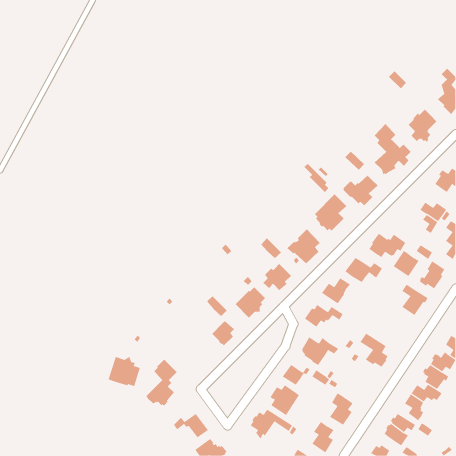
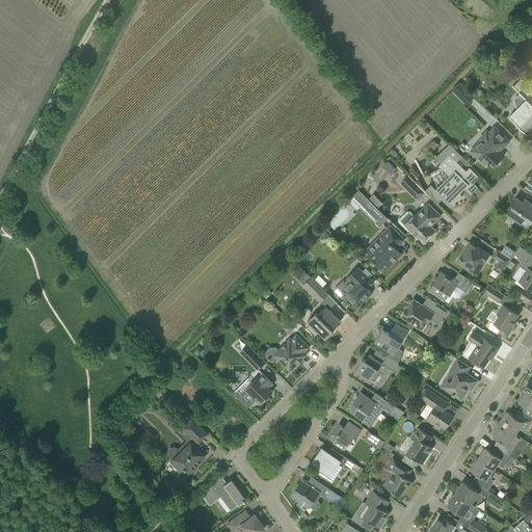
building: [393,250,420,277] -> [457,242,488,273]
building: none -> [441,358,478,399]
building: [108,356,141,387] -> none
building: none -> [406,427,432,463]

